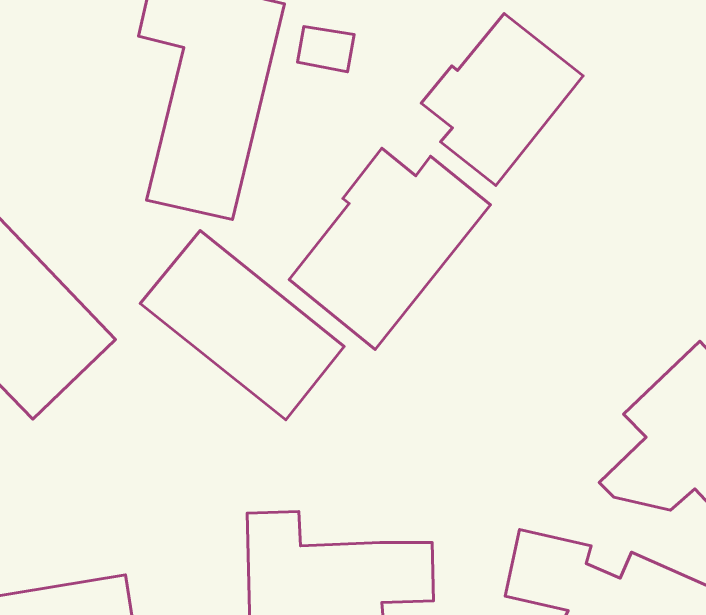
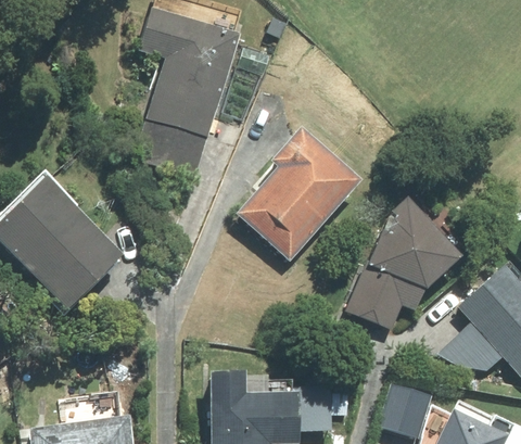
building: [421,13,583,185] -> none
building: [140,230,344,420] -> none
building: none -> [346,198,460,331]

